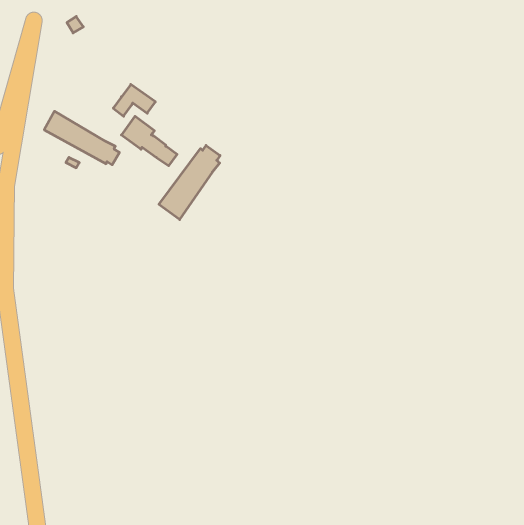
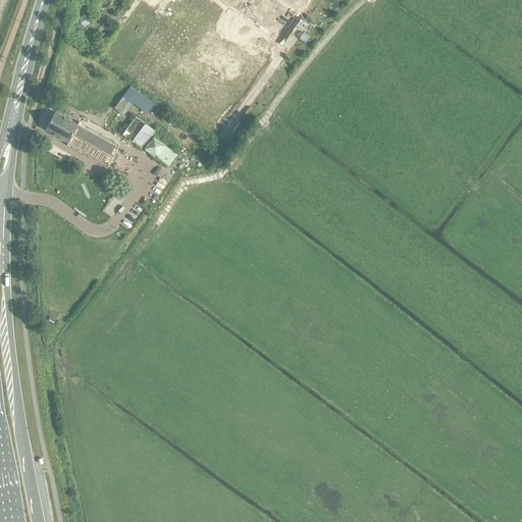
building: [159,145,220,220] -> none

